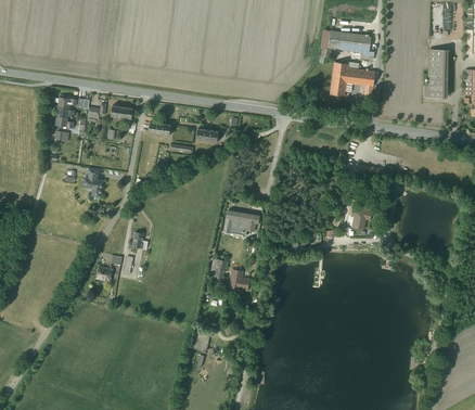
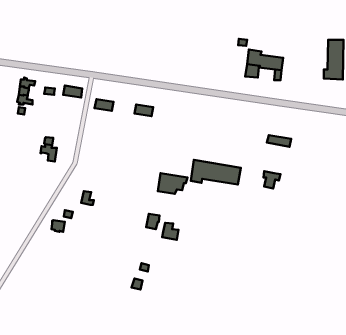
building: [329,31,374,60] -> none
building: none -> [191,160,241,185]

